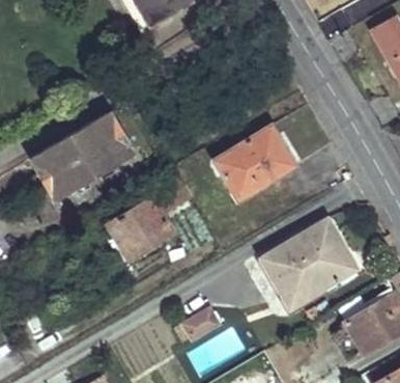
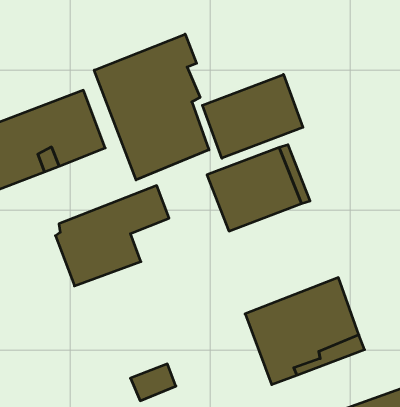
building: none -> [94,34,209,180]
building: none -> [202,74,303,158]

